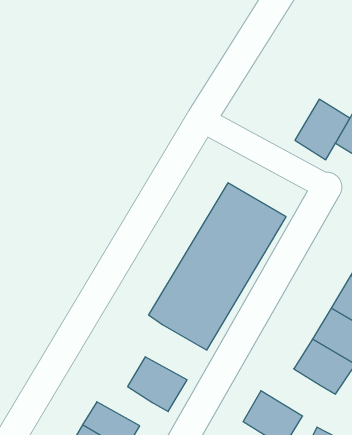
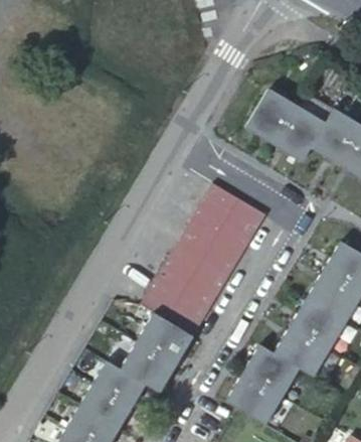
building: none -> [246,89,297,143]
building: none -> [138,312,192,362]
building: none -> [243,344,298,396]
building: none -> [94,359,145,405]

